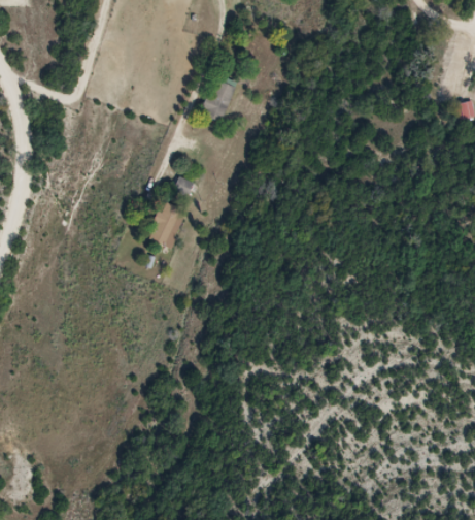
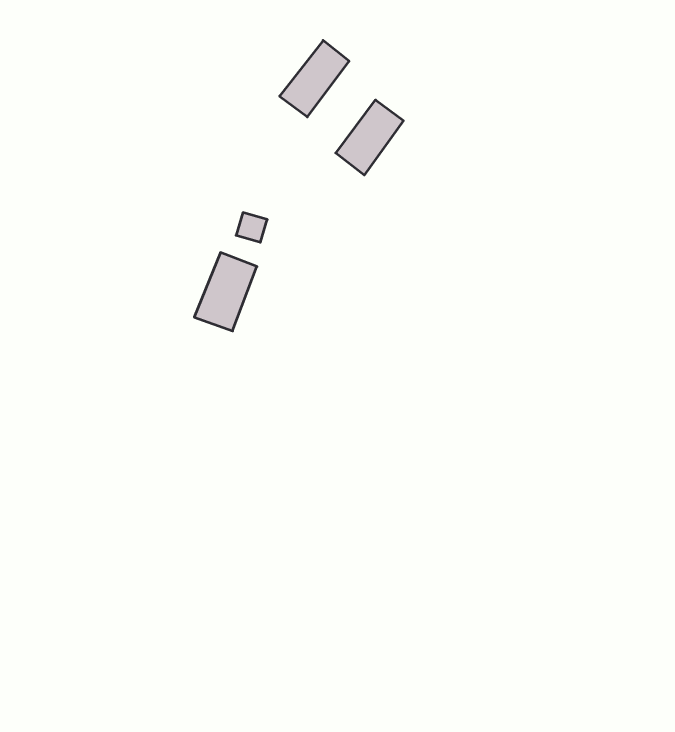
building: none -> [336,100,403,175]

